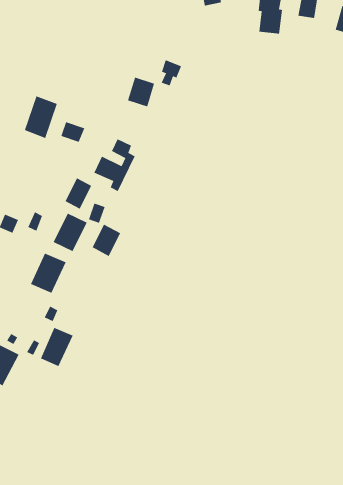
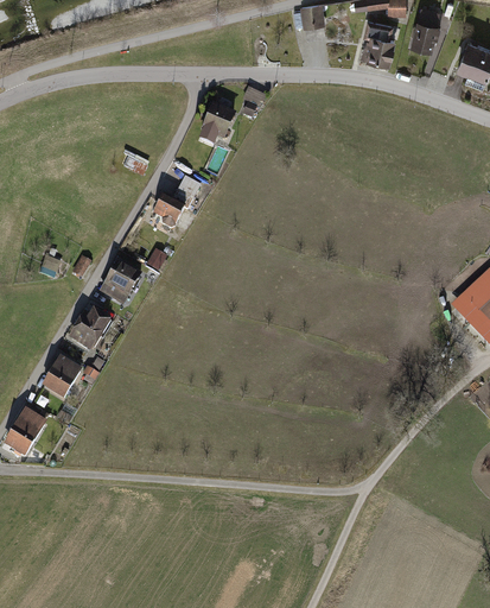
building: [24,95,58,139] -> none
building: [65,178,92,209] -> none
building: [92,224,121,257] -> none
building: [40,327,74,367] -> [45,354,87,401]

